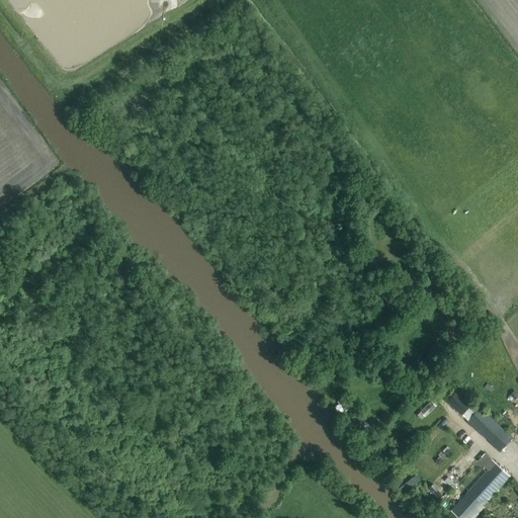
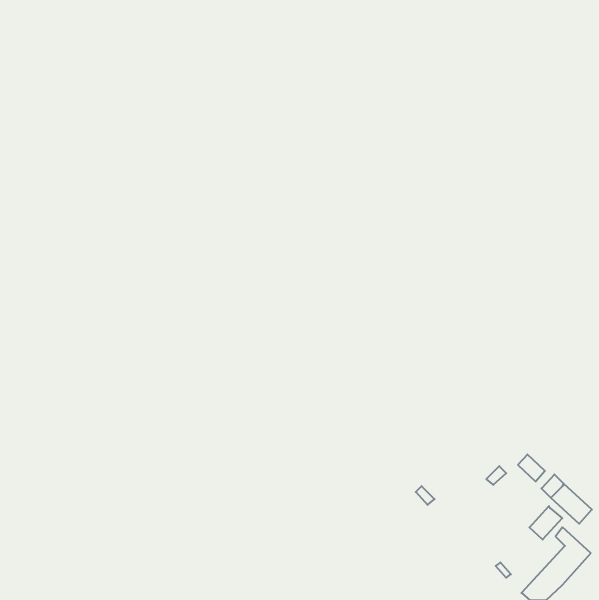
building: none -> [529,506,562,540]

